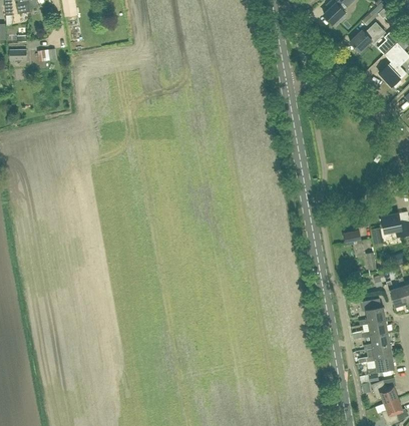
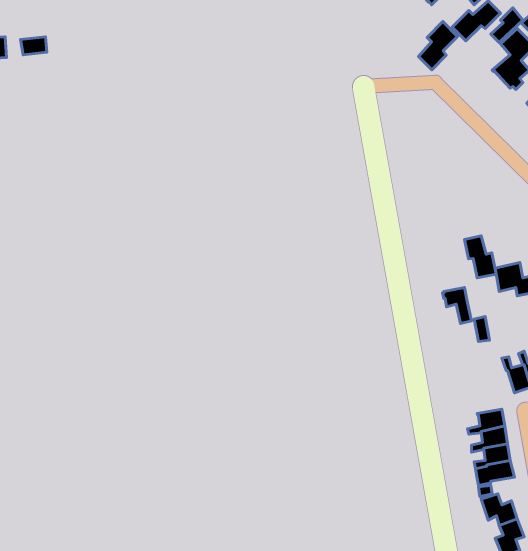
building: none -> [418,22,458,70]
building: none -> [464,236,496,278]
building: [359,299,386,325] -> none

